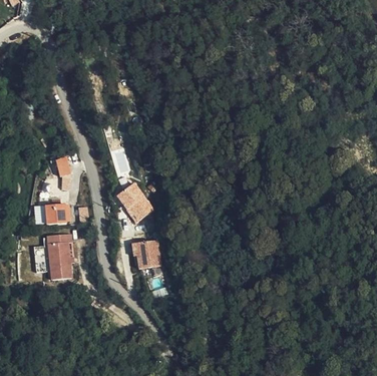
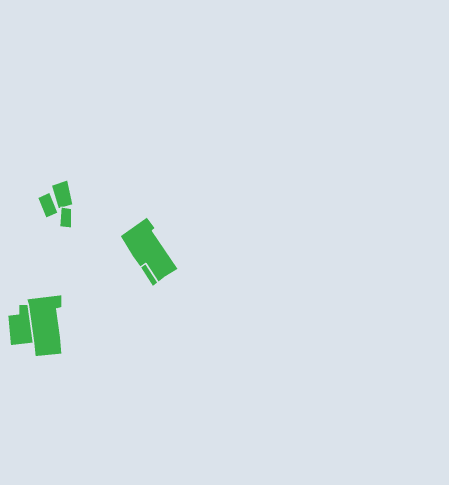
building: [45,202,74,224] -> none
building: [138,246,160,272] -> none

